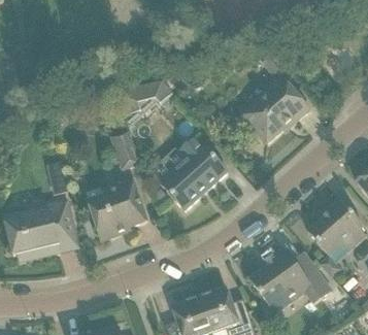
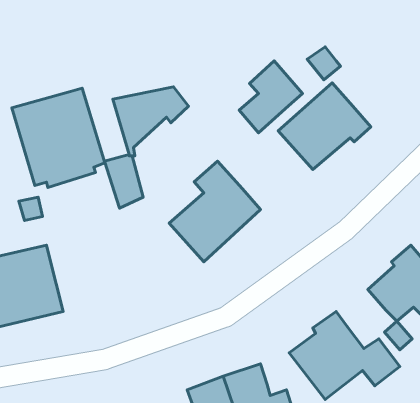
building: none -> [239,61,303,133]
building: none -> [12,88,105,188]
building: [88,178,146,238] -> none

